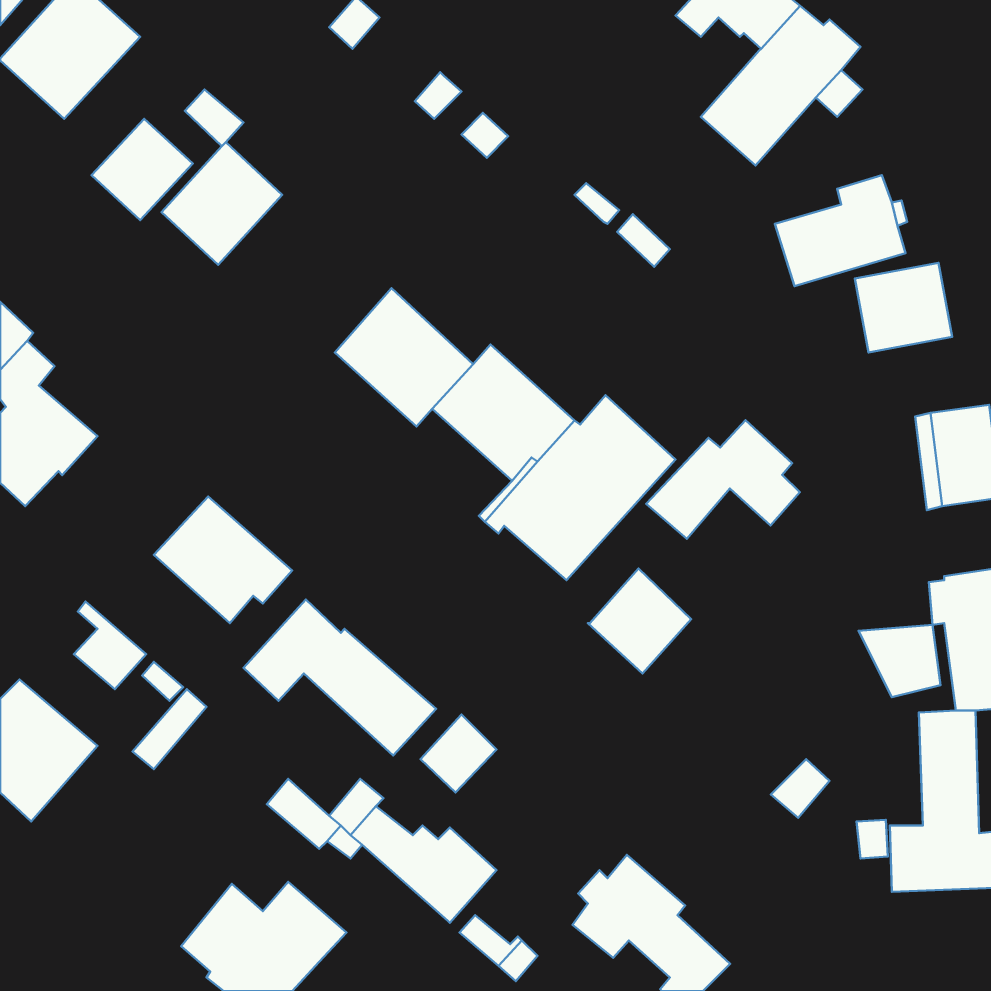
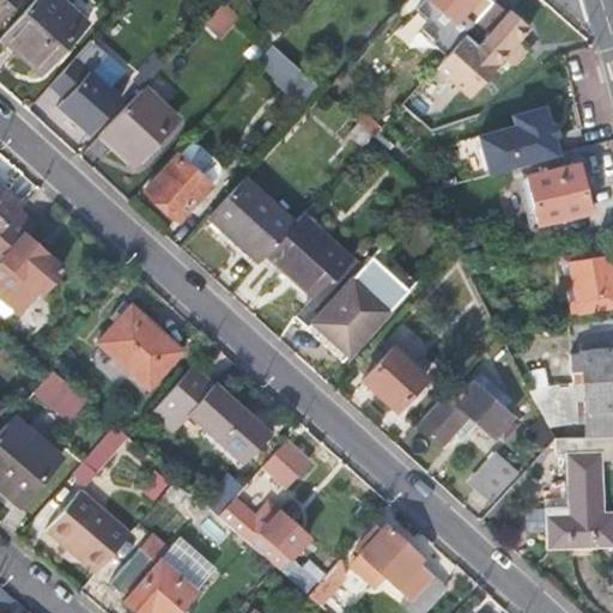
building: none -> [147,156,211,219]
building: [646,420,800,539] -> [419,374,514,447]
building: none -> [49,493,132,573]

